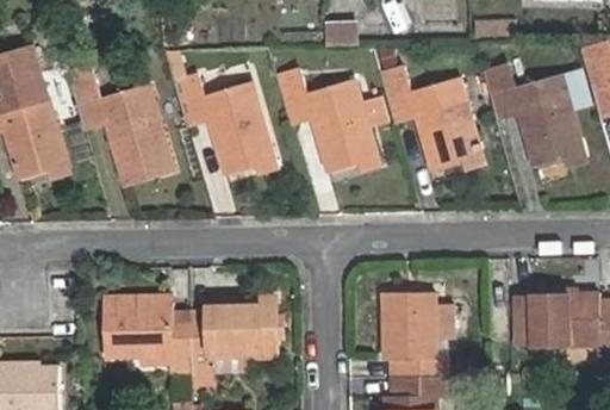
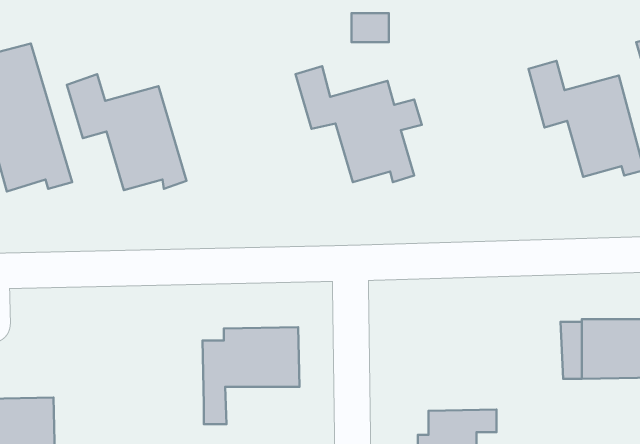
building: [380,66,484,168] -> none
building: [173,73,279,173] -> none
building: [381,293,454,375] -> none
building: [107,299,192,369] -> none

